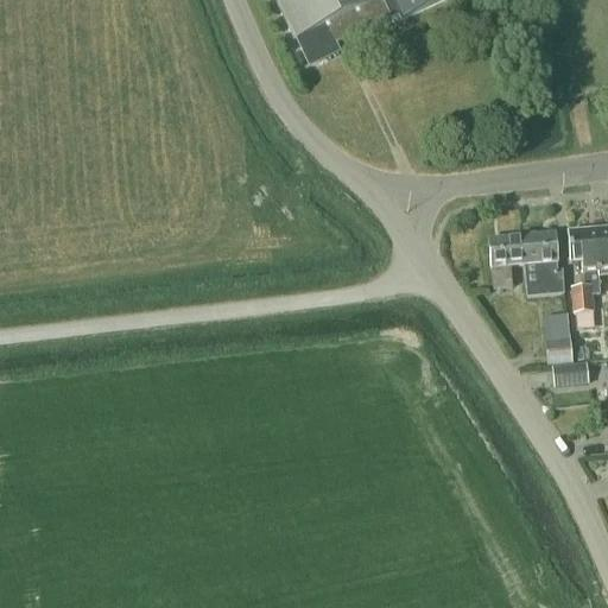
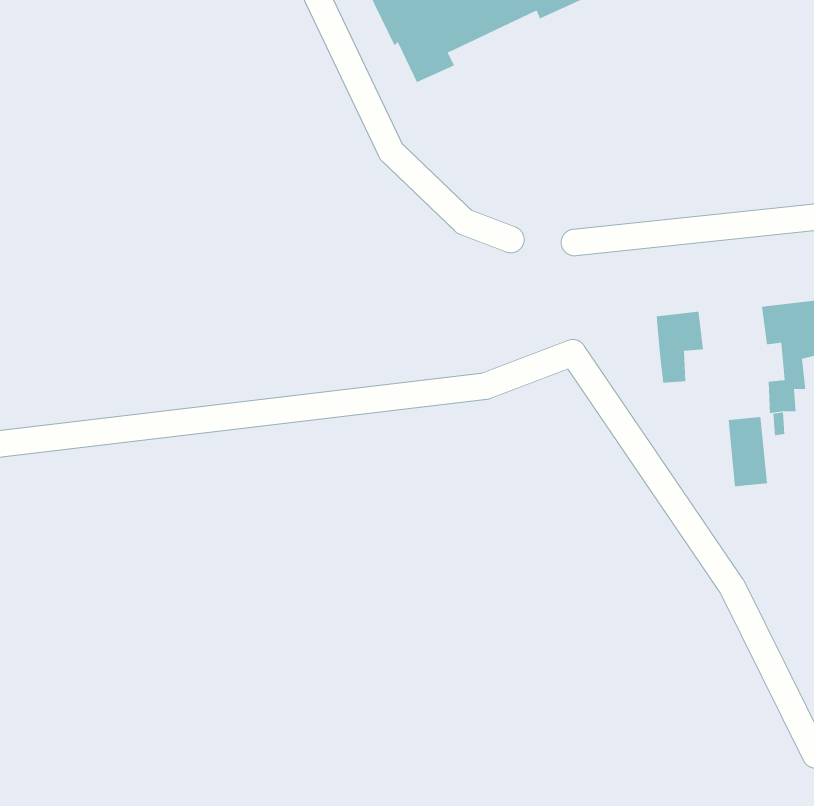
building: [521,229,564,293] -> none
building: [552,359,589,384] -> none

